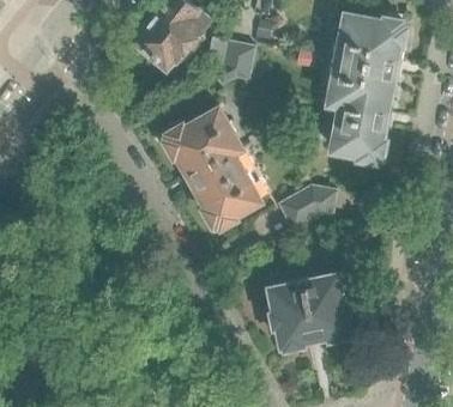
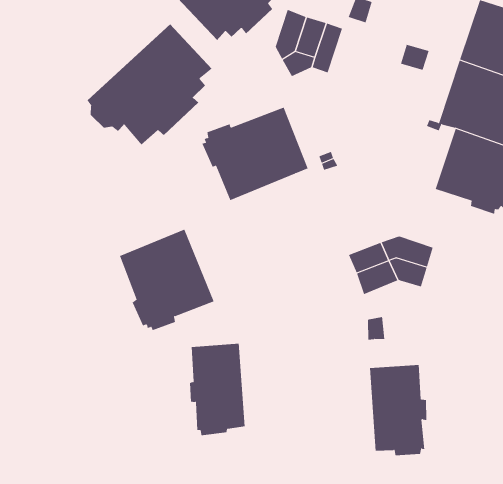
building: none -> [87,23,213,145]
building: [191,153,261,227] -> [119,229,215,331]
building: [270,281,315,350] -> [189,343,245,436]

